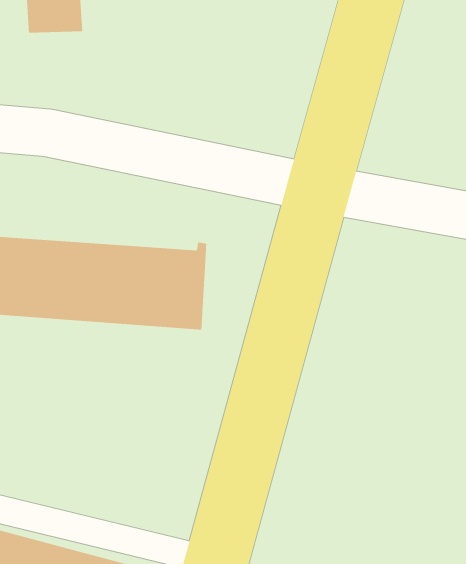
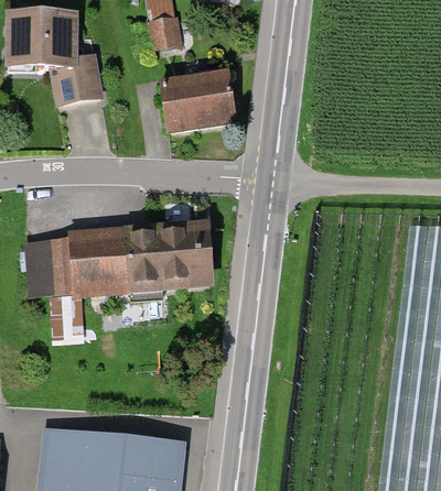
building: none -> [160,70,236,128]

